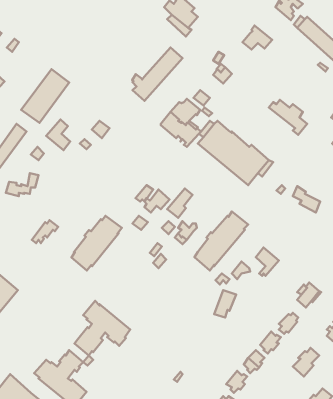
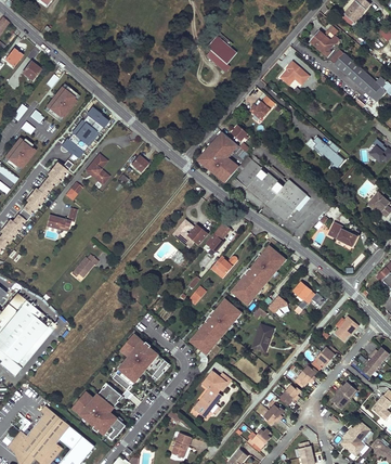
building: none -> [43,83,80,123]
building: [132,48,182,101] -> none
building: [72,216,122,271] -> [191,300,240,355]
building: none -> [192,371,227,417]

